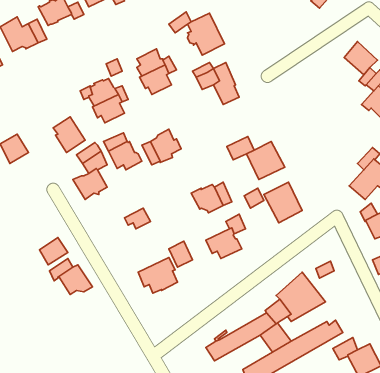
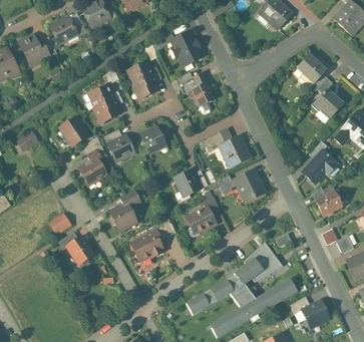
building: none -> [108,202,134,230]

